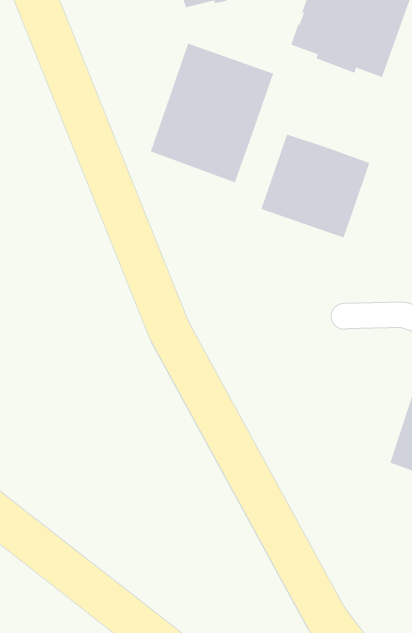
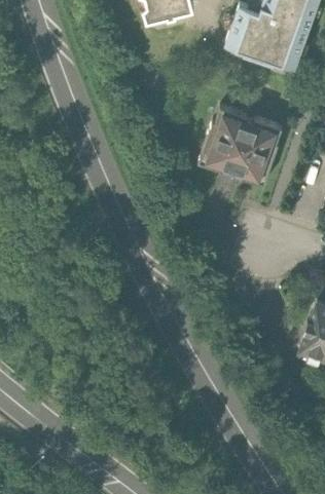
building: [150,43,274,183] -> none

